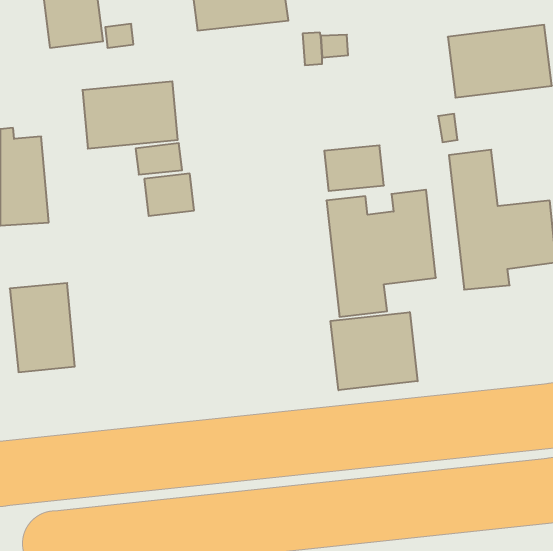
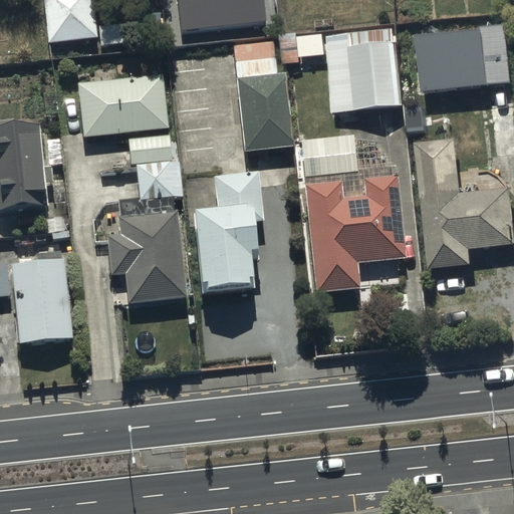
building: none -> [326,28,403,109]
building: none -> [231,48,290,149]
building: none -> [193,173,261,293]
building: none -> [104,212,187,303]
building: [331,312,418,390] -> none

